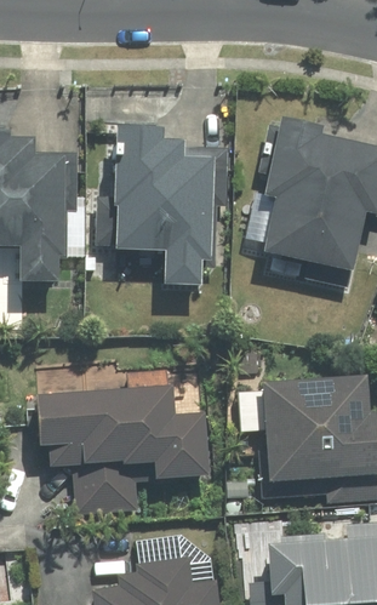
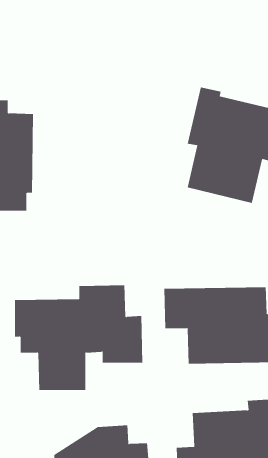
building: [95,124,224,285] -> none

